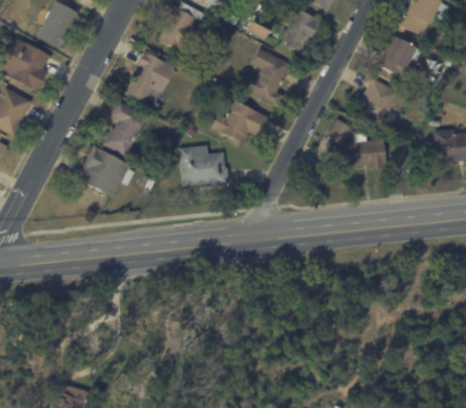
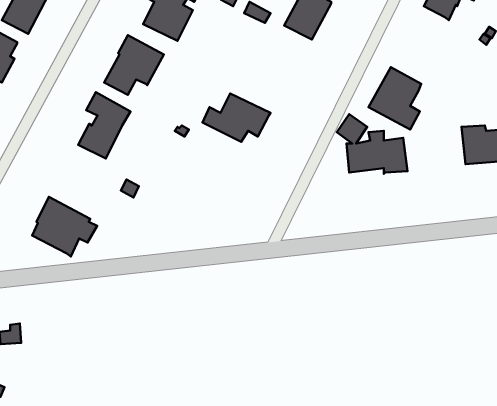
building: [380,36,422,77] -> none
building: [240,48,291,107] -> none
building: [178,145,229,187] -> none
building: [79,146,135,198] -> [32,197,97,256]

